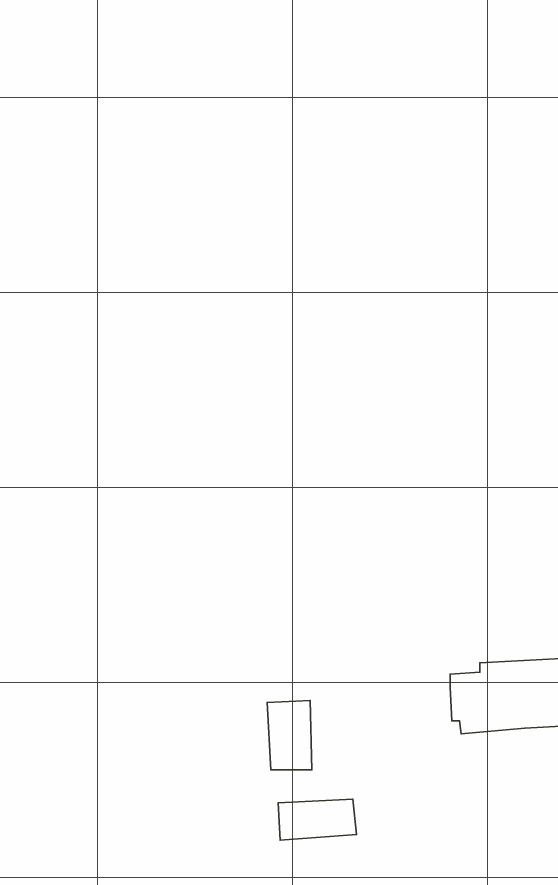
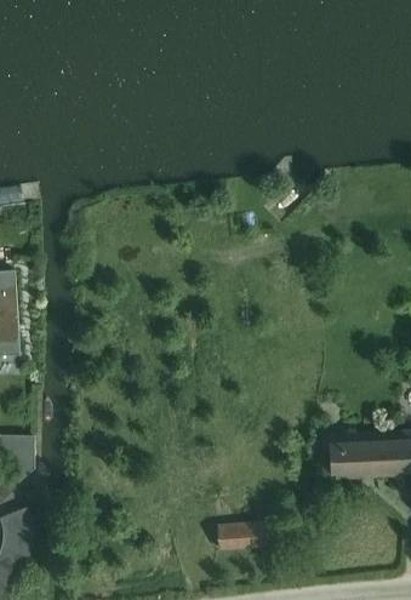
building: [267,700,312,770] -> none

